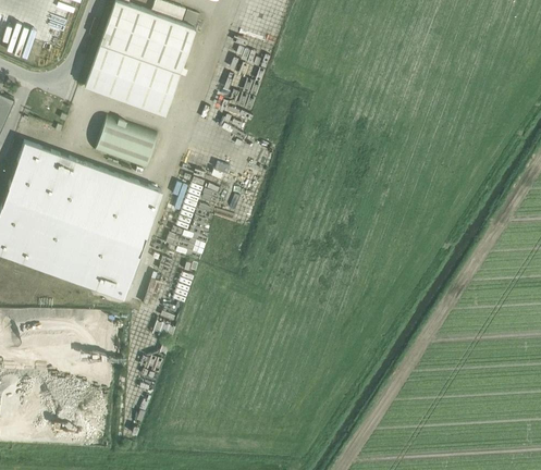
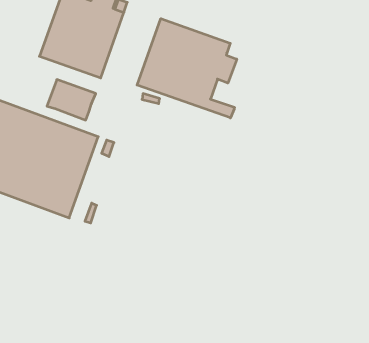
building: none -> [137,19,237,118]

